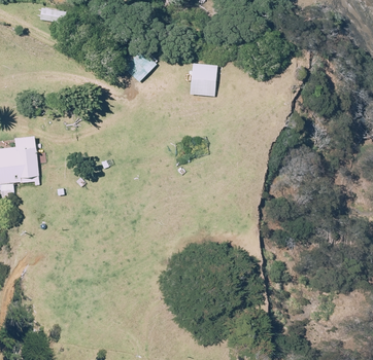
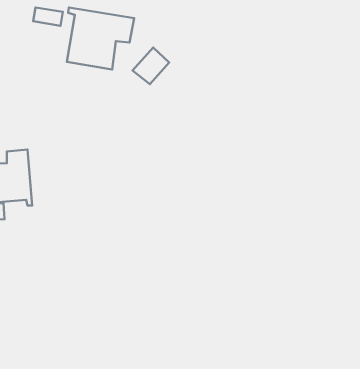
building: none -> [67,7,134,70]
building: [190,63,217,97] -> none

